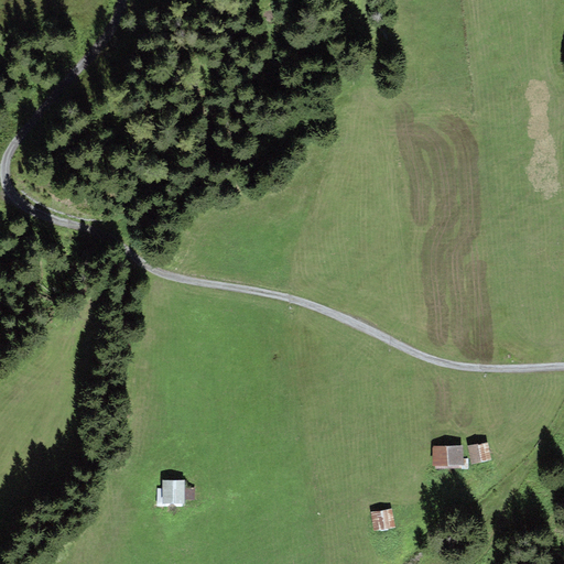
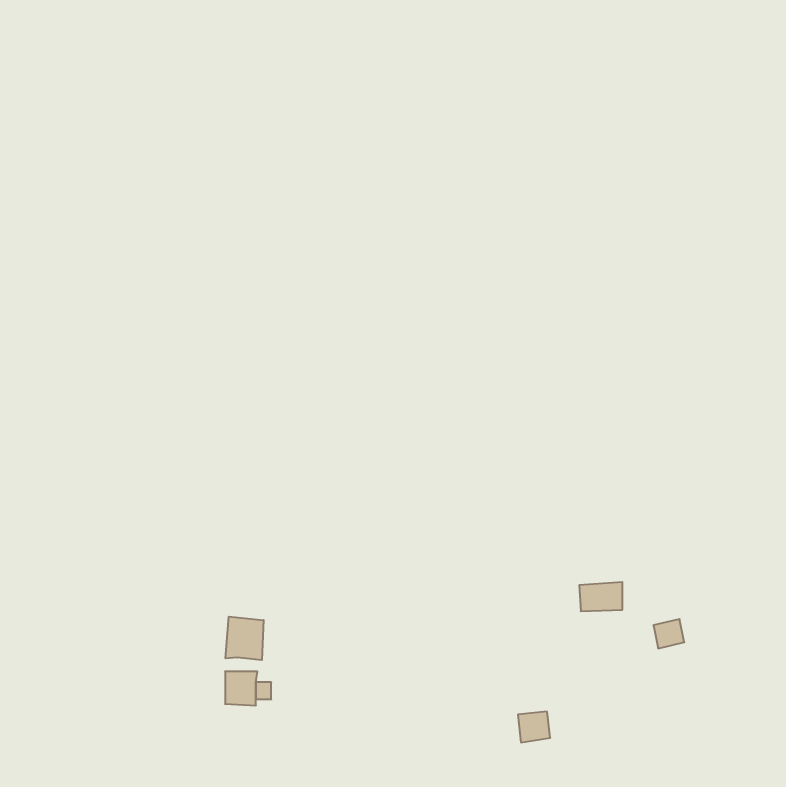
building: none -> [226,617,264,660]
building: [432,445,463,466] -> [579,582,622,611]

